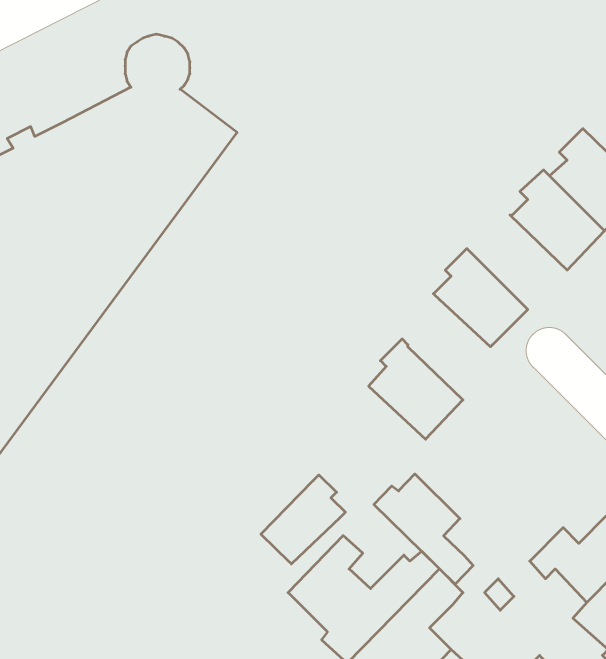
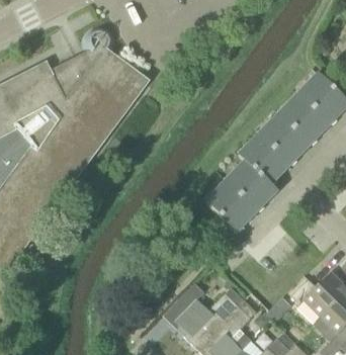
building: none -> [261,113,310,165]
building: none -> [228,160,277,211]
building: [374,474,473,584] -> none
building: [261,475,345,564] -> none

